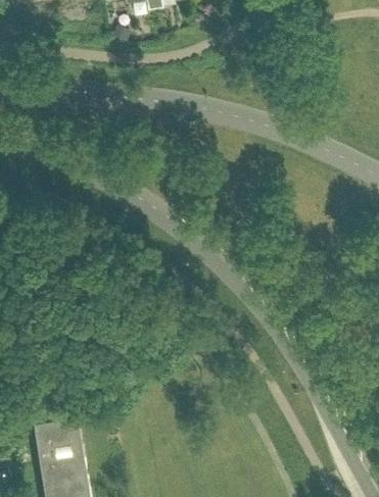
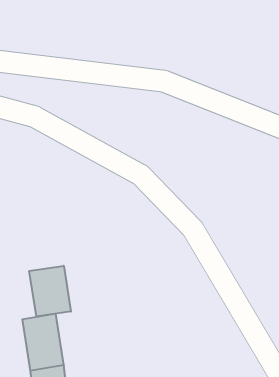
building: none -> [29,266,71,317]

